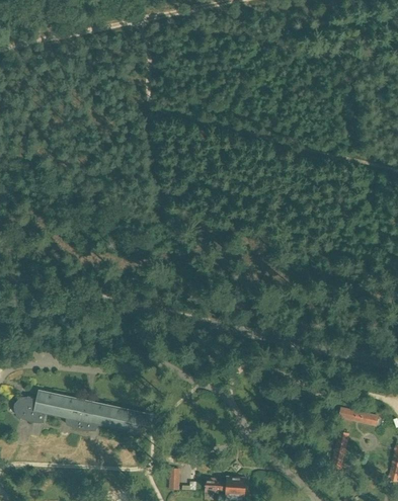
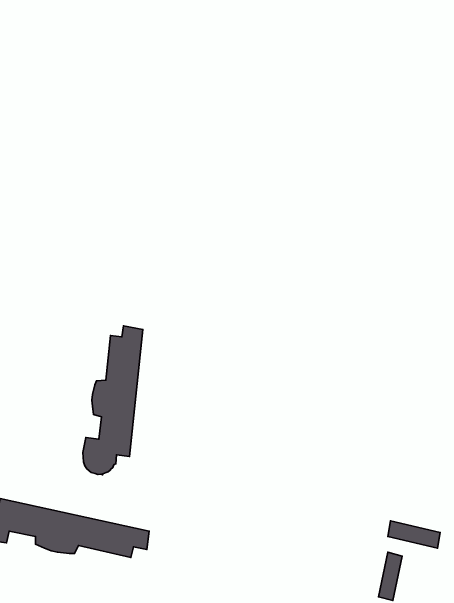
building: none -> [83,326,143,475]

